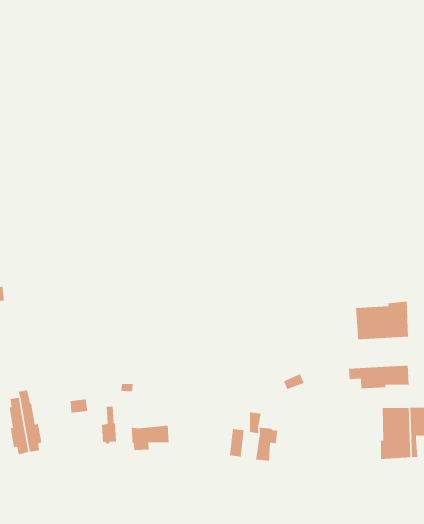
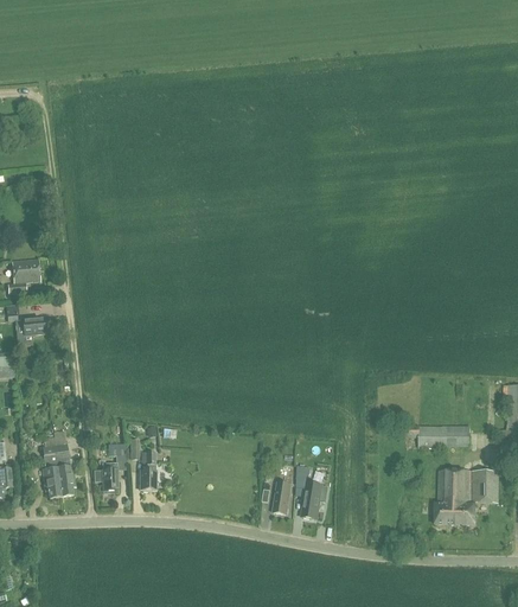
building: [356,301,408,340] -> none
building: none -> [94,462,117,493]
building: [131,425,169,451] -> none

